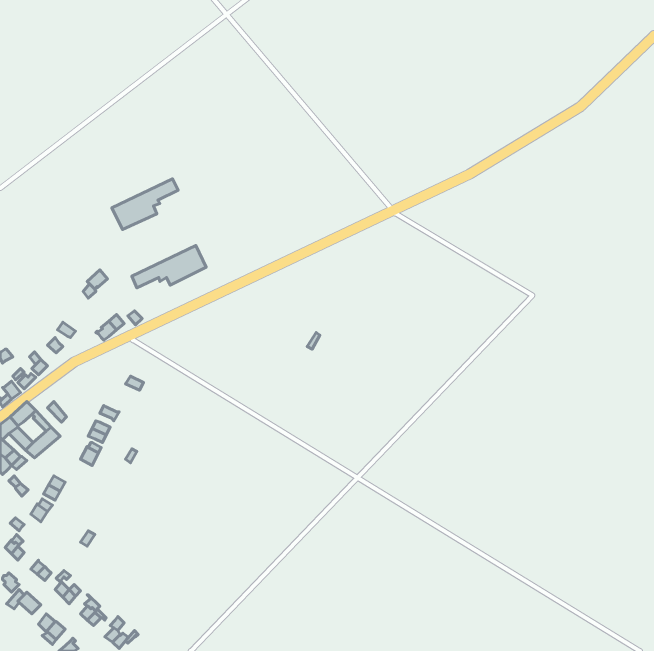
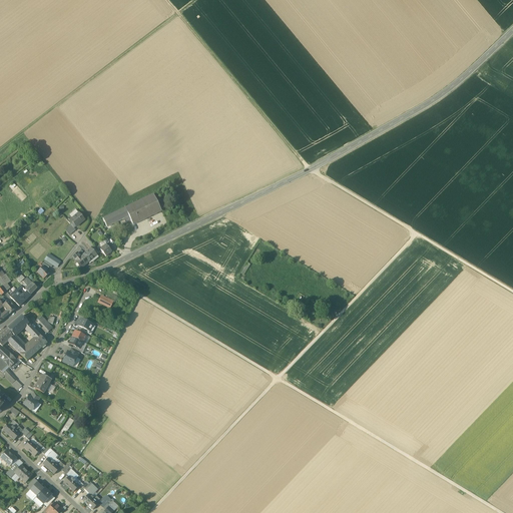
building: [112,179,178,230] -> none

